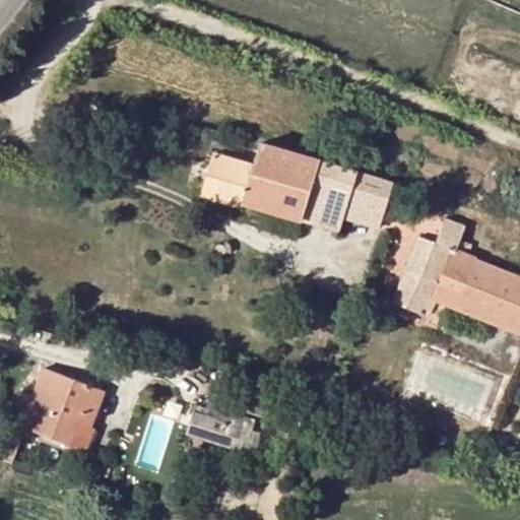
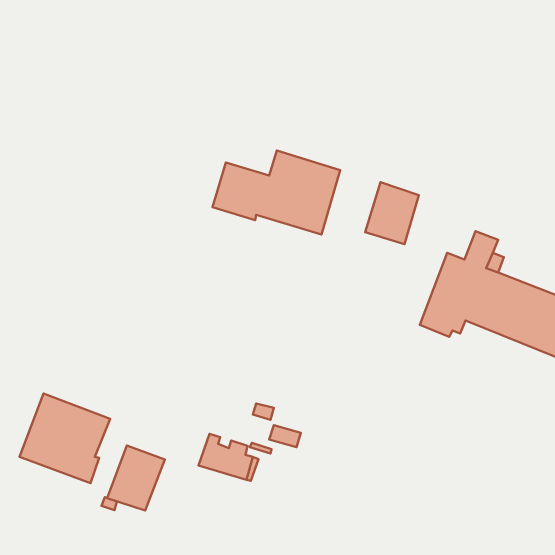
building: [302,160,356,232] -> none
building: none -> [107,445,165,511]

